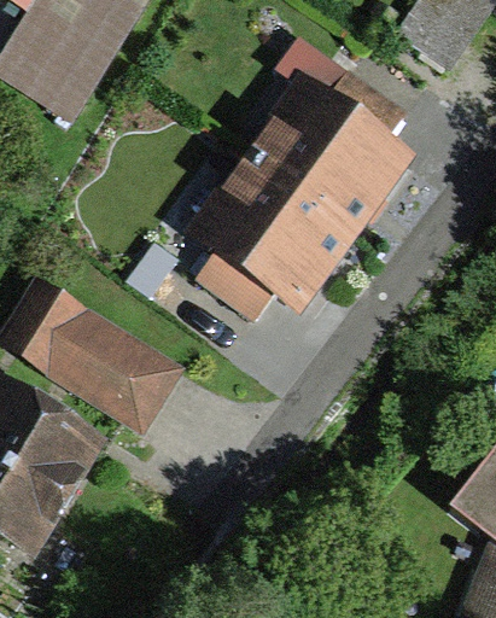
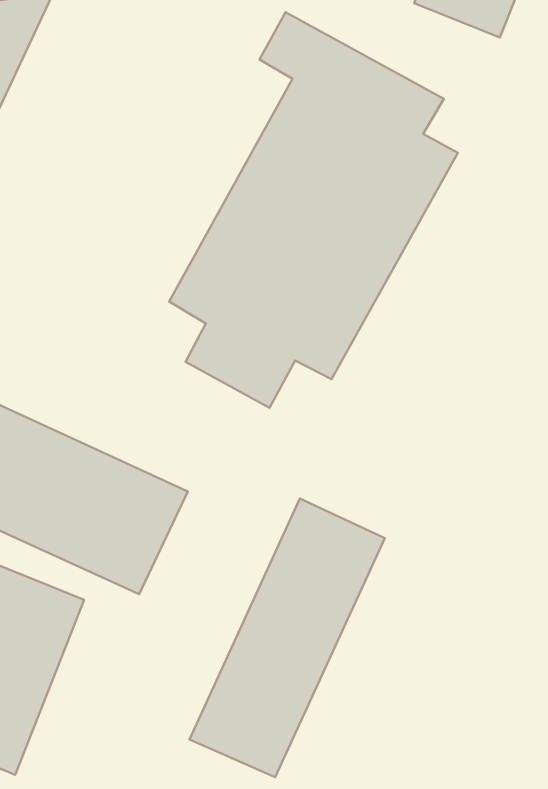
building: none -> [189,498,385,777]

